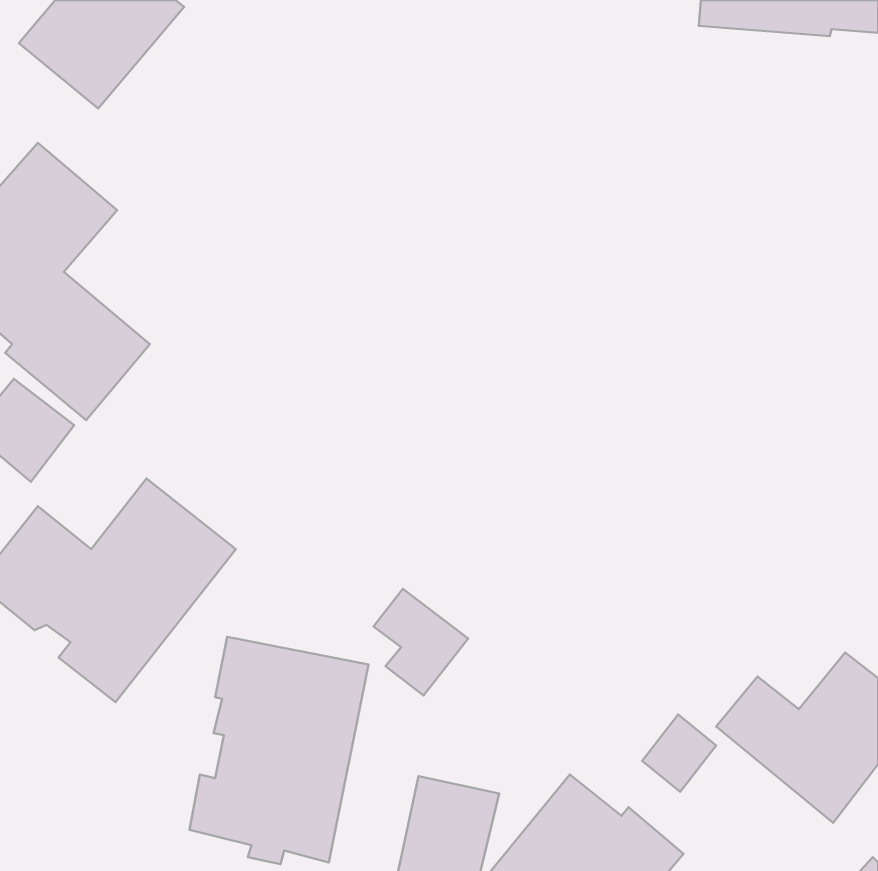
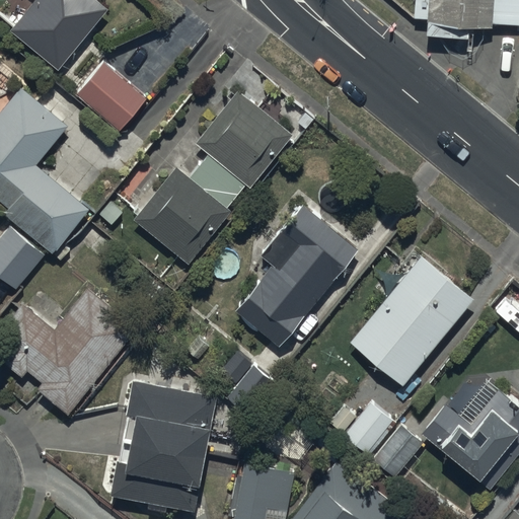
building: none -> [75,63,147,133]
building: none -> [135,89,293,264]
building: none -> [236,206,357,346]
building: none -> [350,254,474,385]
building: none -> [344,402,396,457]

